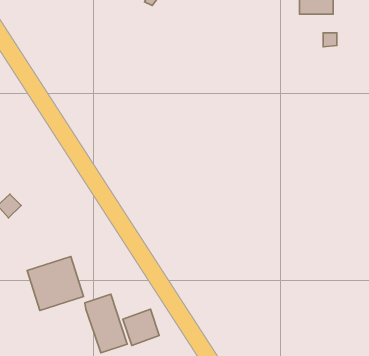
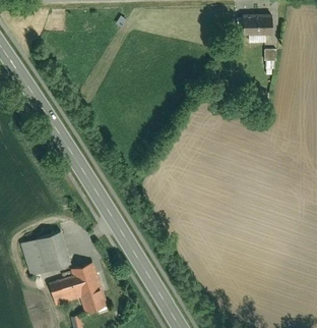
building: [123,309,159,345] -> [50,275,79,305]

